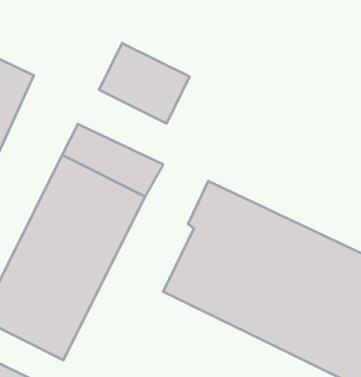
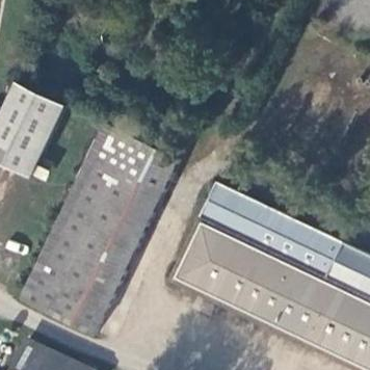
building: [99,43,189,123] -> none

